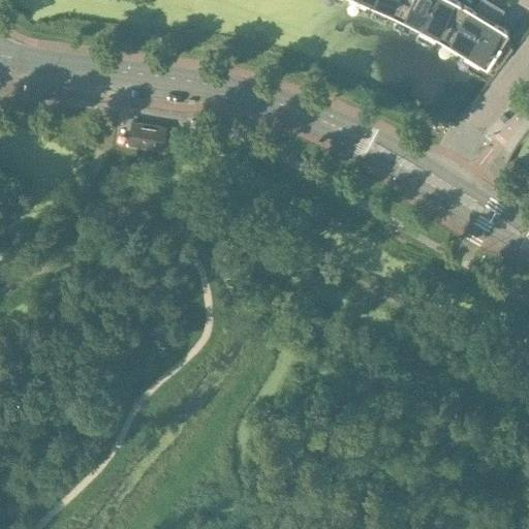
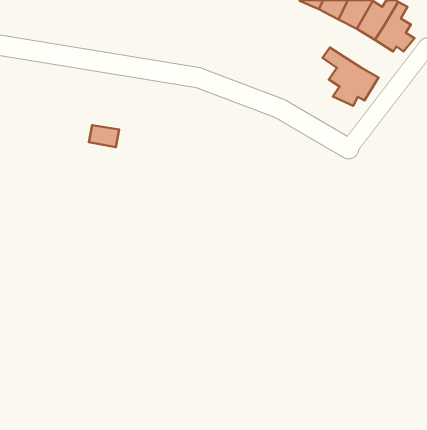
building: none -> [322,47,378,106]
building: [123,123,160,150] -> [89,125,119,147]

